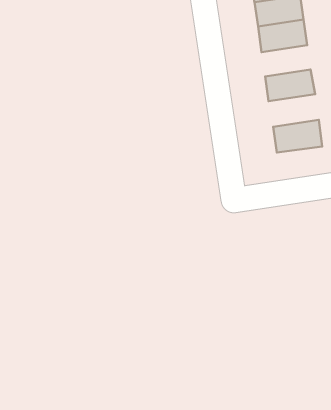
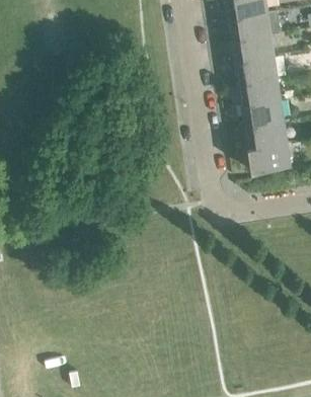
building: none -> [237,78,280,105]
building: none -> [243,121,287,149]

